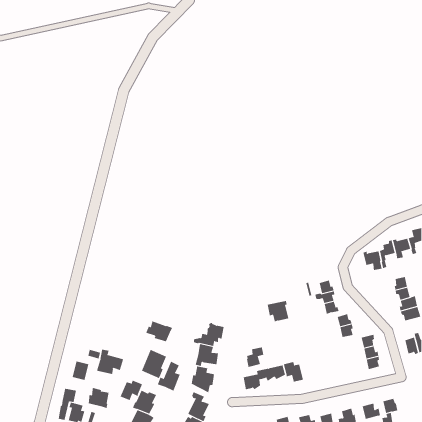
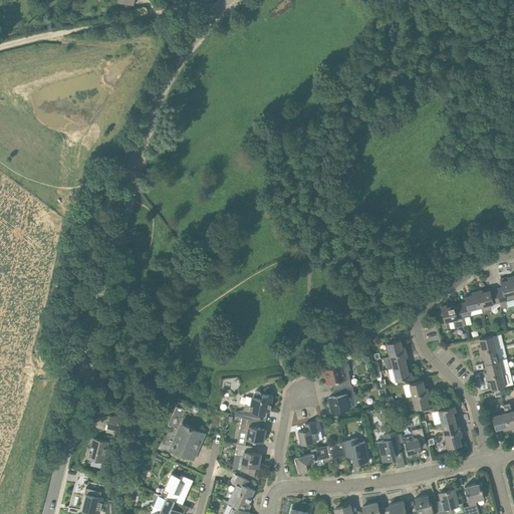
building: none -> [328,387,354,414]
building: [145,320,173,342] -> none
building: [96,349,124,375] -> none
building: none -> [404,429,427,458]
building: none -> [378,433,401,463]
building: [157,361,180,392] -> none
building: [120,380,143,401] -> none
building: [88,387,109,409] -> none

